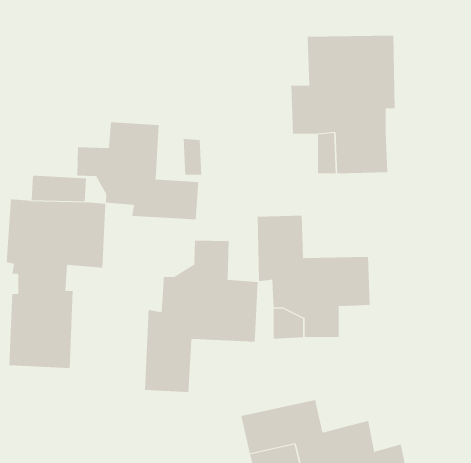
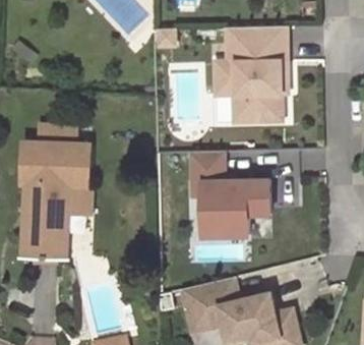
building: [77,122,199,220] -> none
building: [144,240,258,393] -> none

